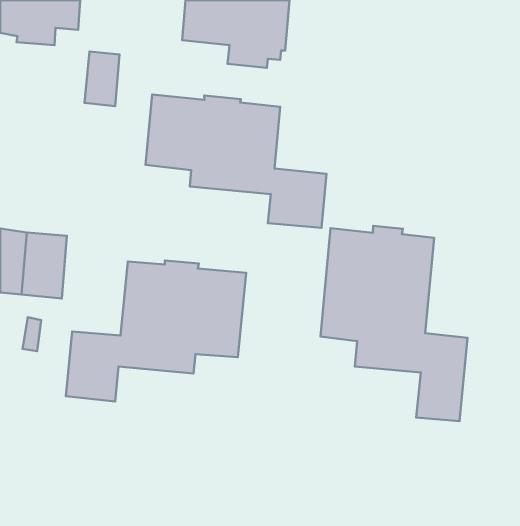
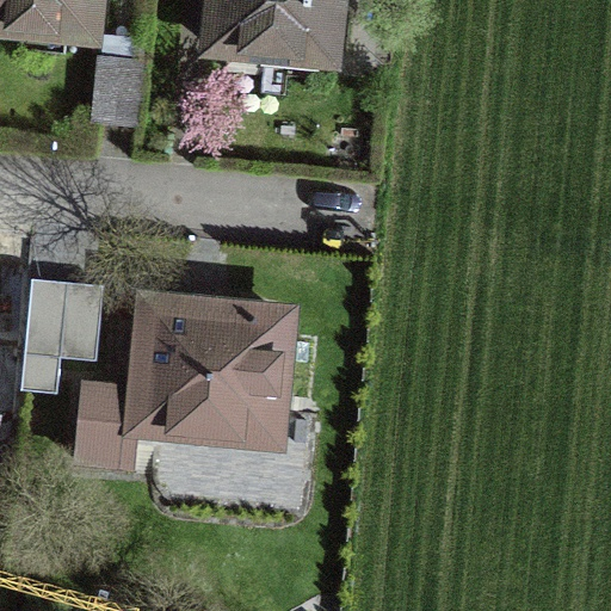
building: [146,95,327,228] -> none
building: [320,226,467,421] -> none

